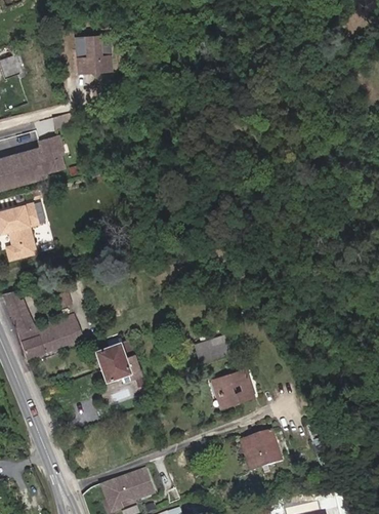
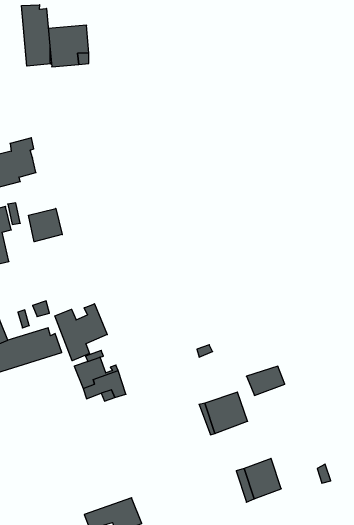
building: none -> [22,5,51,66]
building: none -> [29,208,62,242]
building: none -> [55,304,107,361]
building: [193,340,227,366] -> [246,366,285,395]

